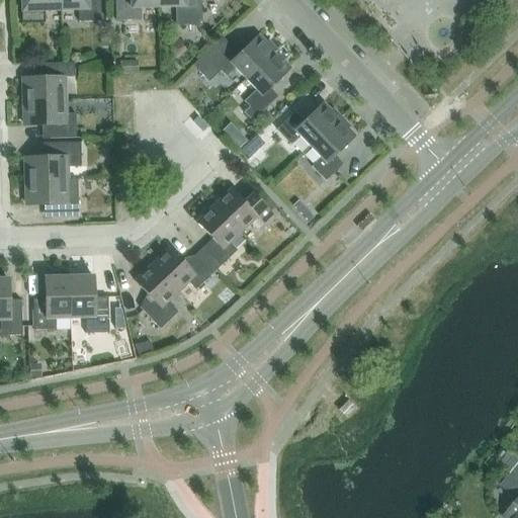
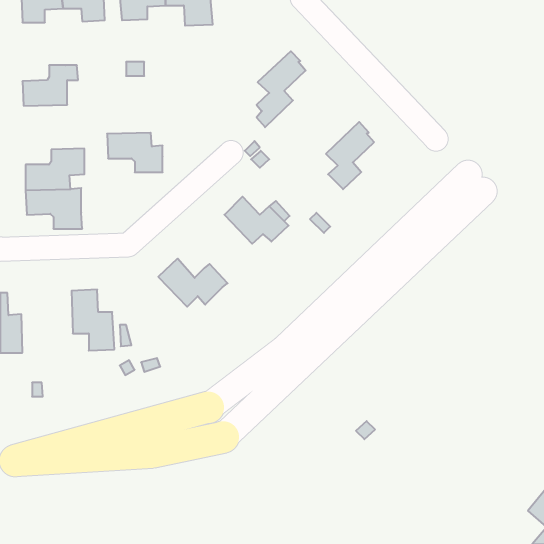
building: [194,33,277,80] -> none
building: [24,99,77,137] -> [107,133,163,172]
building: [277,101,342,146] -> none
building: [196,203,241,268] -> none
building: [135,262,179,327] -> none
building: [34,275,71,329] -> none

